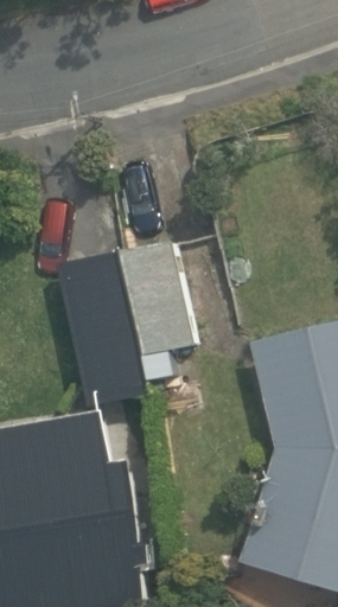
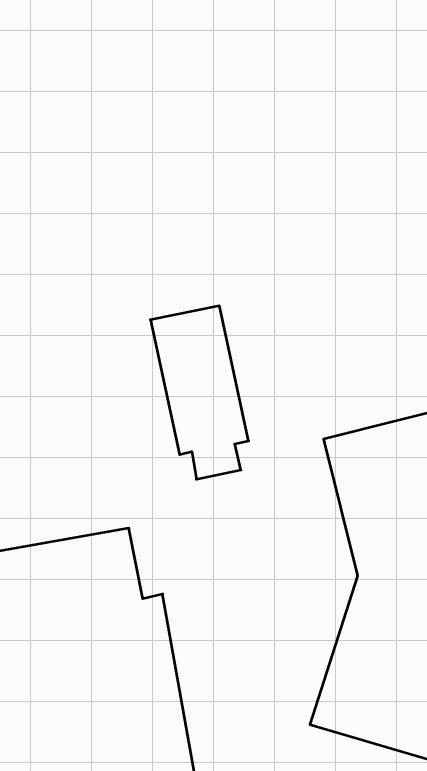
building: [55,253,149,408] -> none

